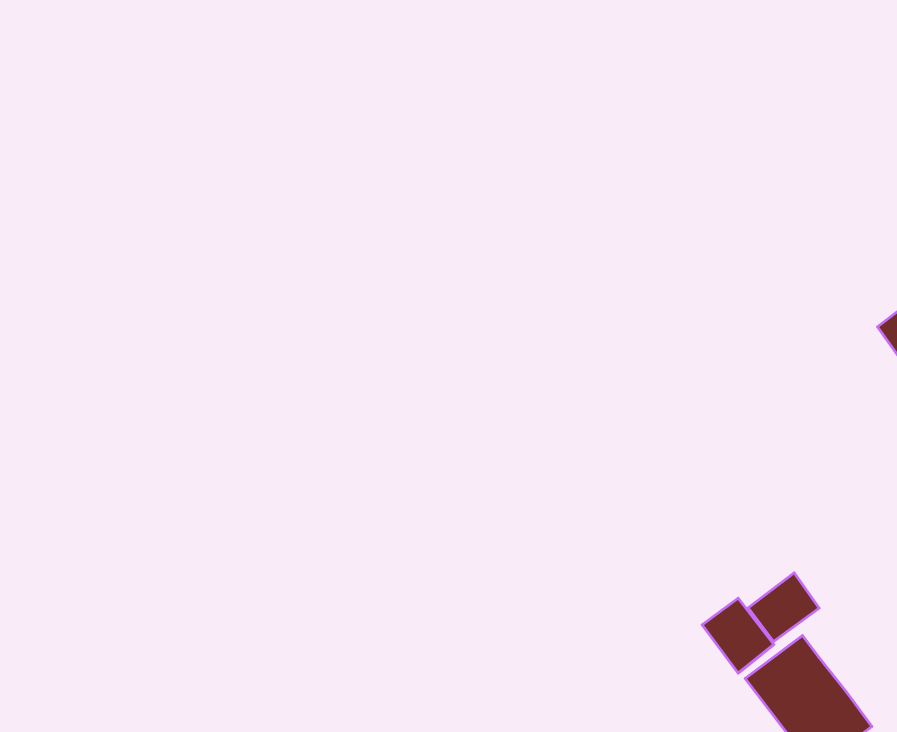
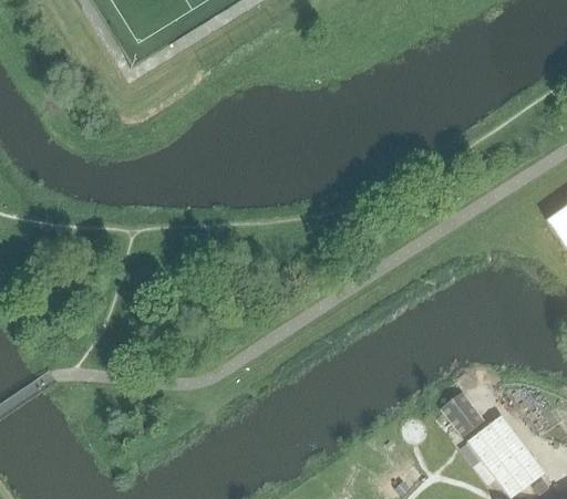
building: [748,573,819,642] -> none

